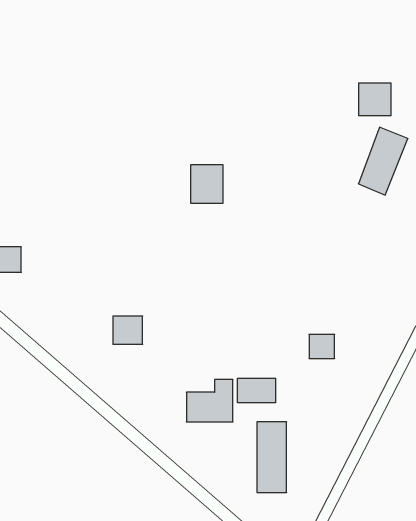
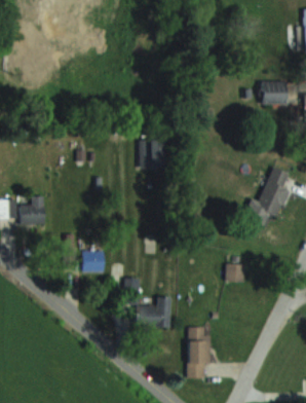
building: [358,127,408,195] -> [257,167,293,216]
building: none -> [21,195,44,224]
building: [238,378,276,403] -> none

